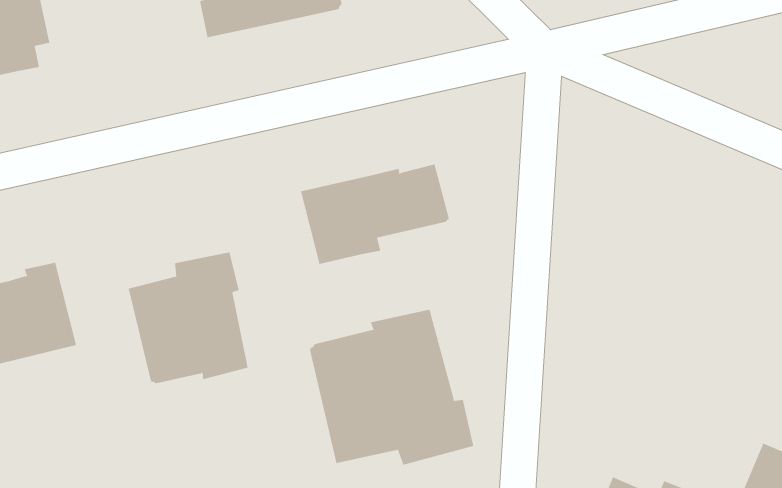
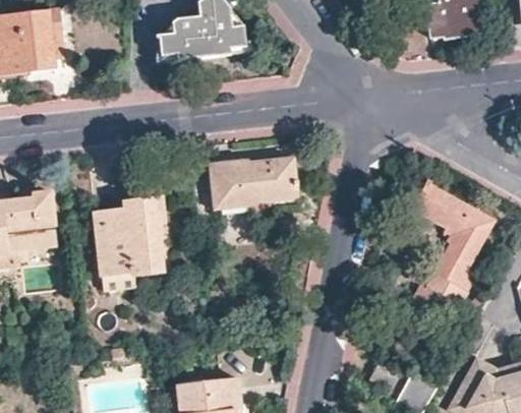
building: none -> [410,183,493,308]
building: [310,309,474,465] -> none

